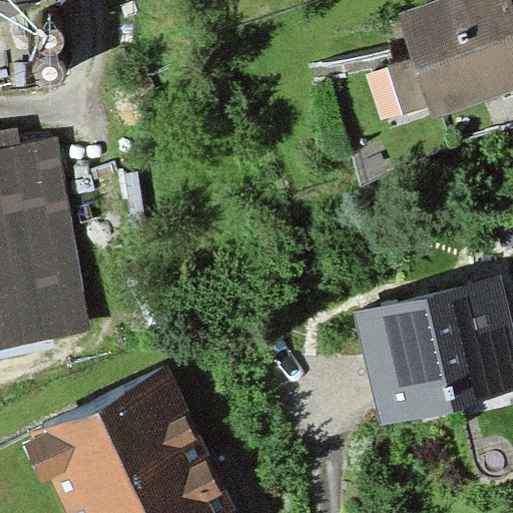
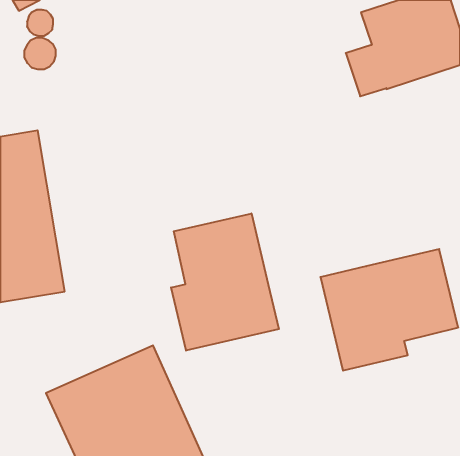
building: none -> [171,213,279,351]

